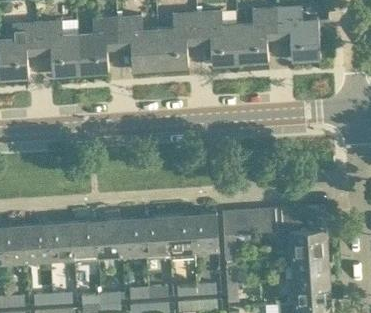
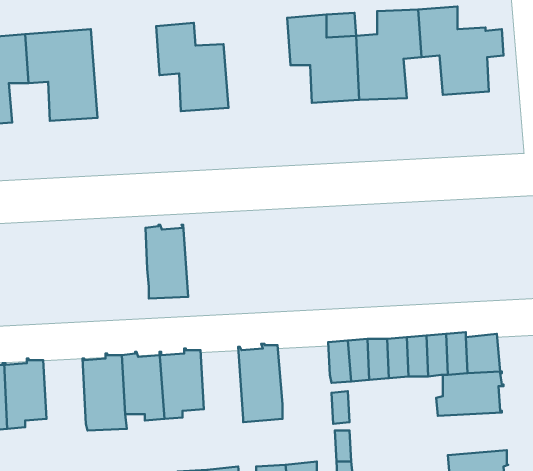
building: [159,13,200,68] -> none
building: [79,18,120,74] -> none
building: [192,211,219,253] -> none
building: [145,214,171,259] -> [146,225,188,298]
building: [49,220,75,262] -> none
building: [286,254,332,280] -> none

